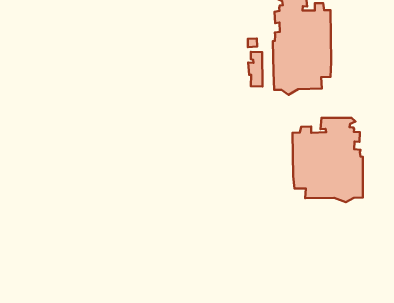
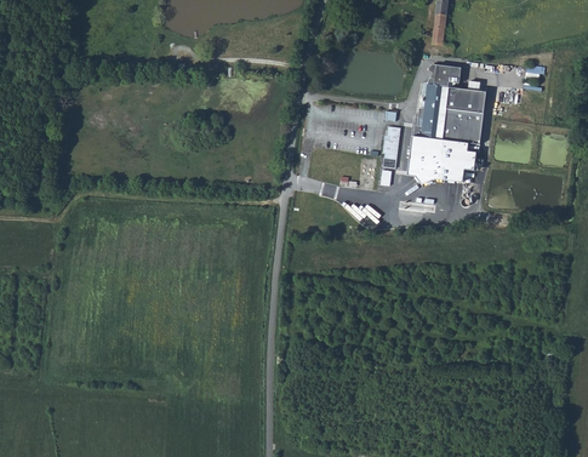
building: [292,118,363,202] -> none

